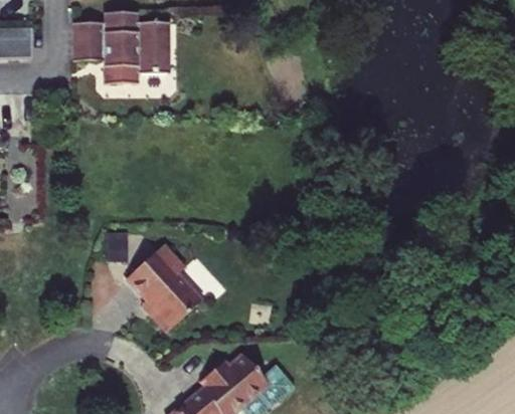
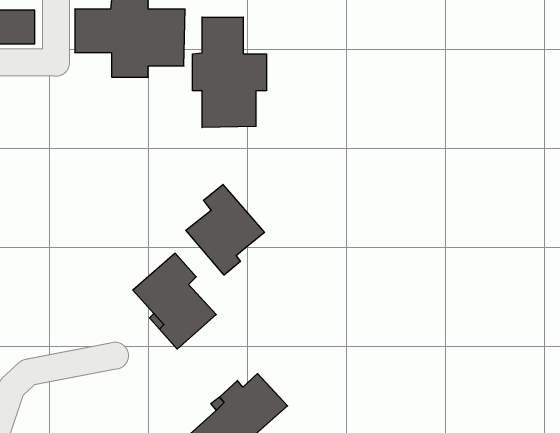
building: none -> [193,17,266,128]
building: none -> [186,184,264,275]

